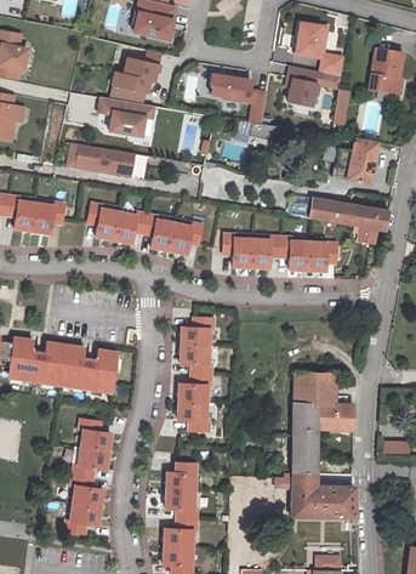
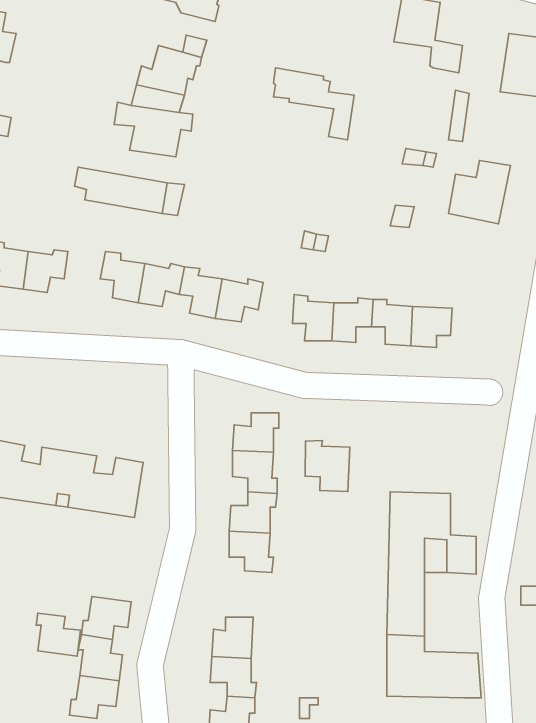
building: [289,67,323,106] -> none
building: [309,198,388,229] -> none
building: none -> [305,440,350,492]
building: [80,420,112,450] -> [36,613,81,656]

